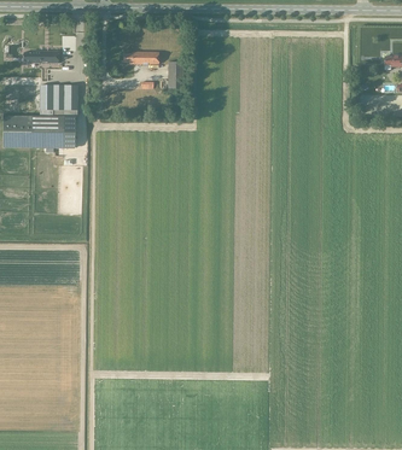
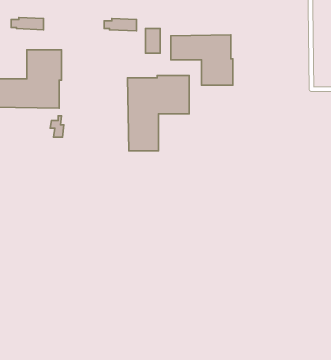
building: none -> [171,35,233,85]
building: none -> [128,75,189,151]

